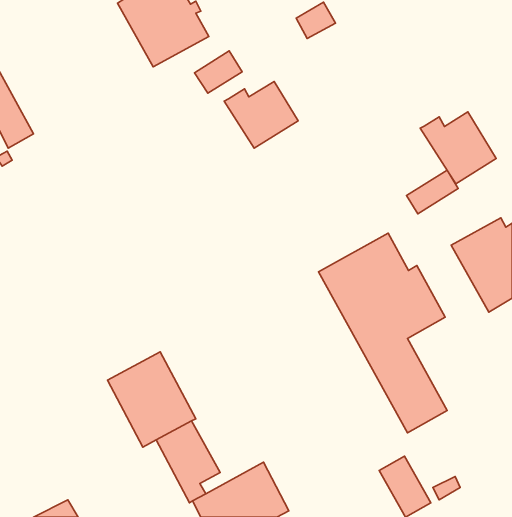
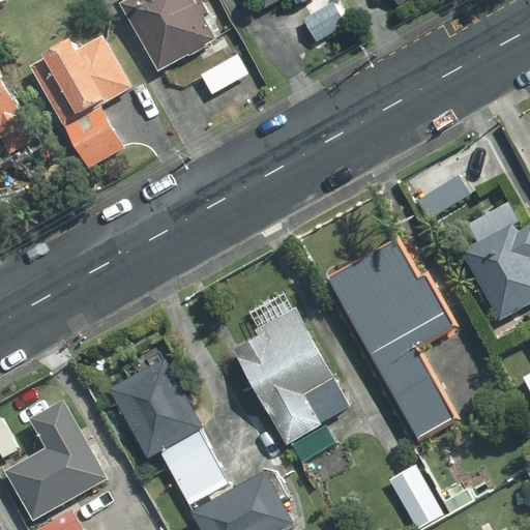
building: none -> [31,36,129,166]
building: [224,81,298,148] -> none
building: [420,112,496,184] -> none
building: none -> [235,308,348,460]
building: none -> [5,402,106,519]

